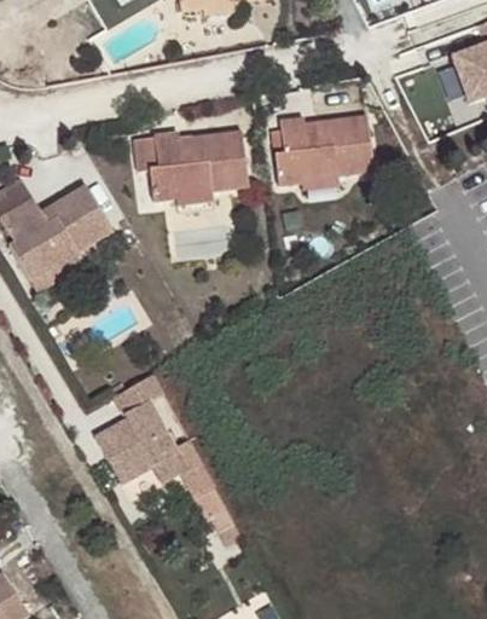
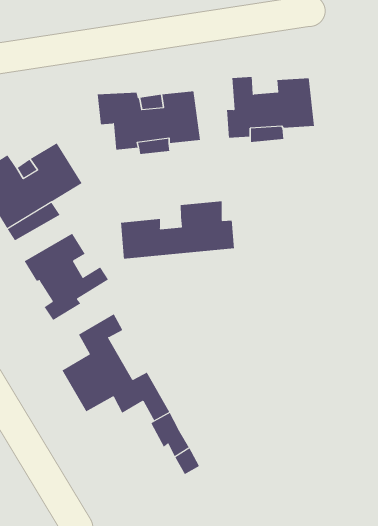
building: none -> [121,201,235,259]
building: none -> [24,233,109,321]

